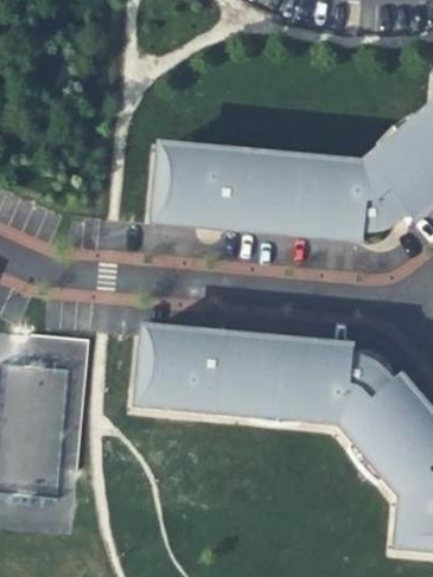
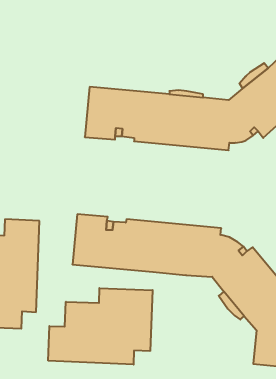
building: none -> [48,288,153,365]

